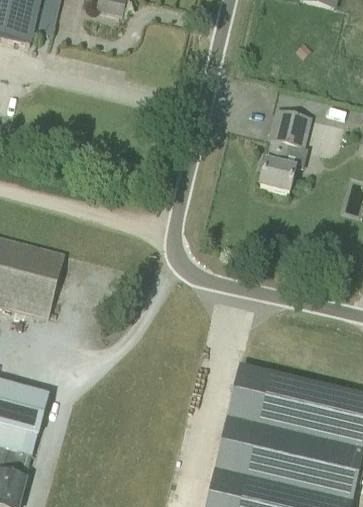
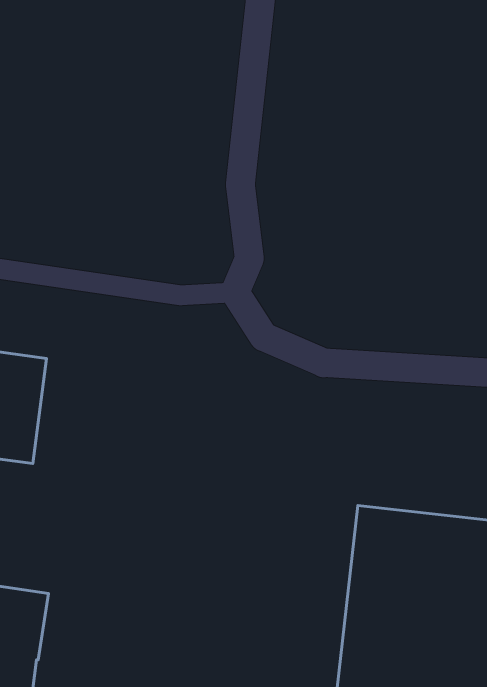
building: [260,109,309,191] -> none

